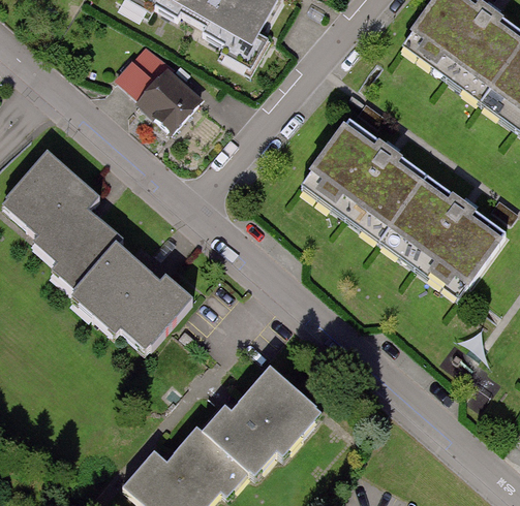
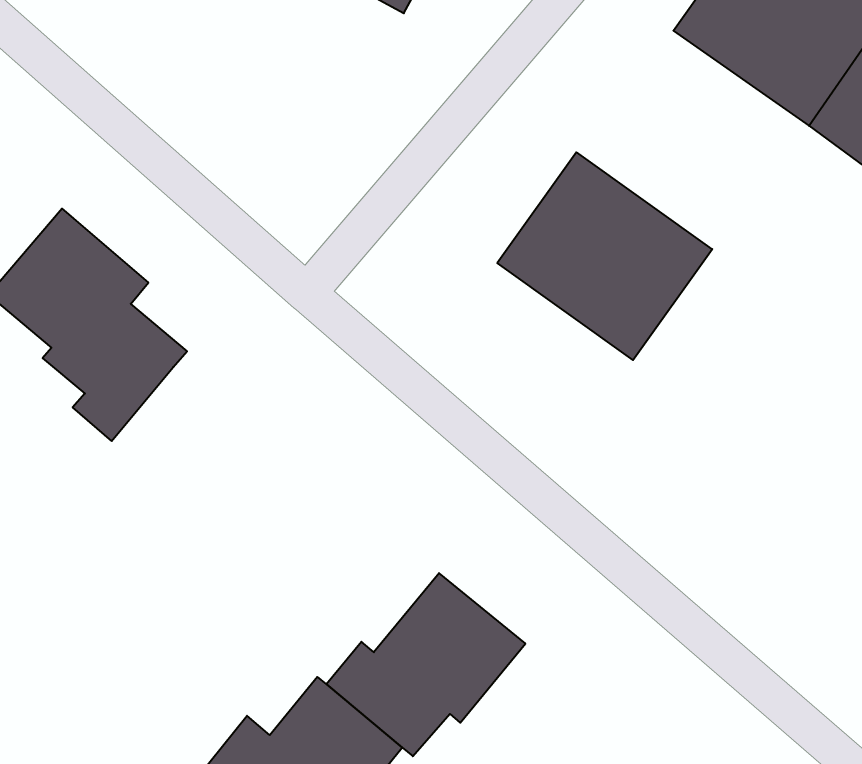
building: [102,42,200,139] -> none
building: [384,177,508,296] -> none
building: [70,246,189,350] -> none

